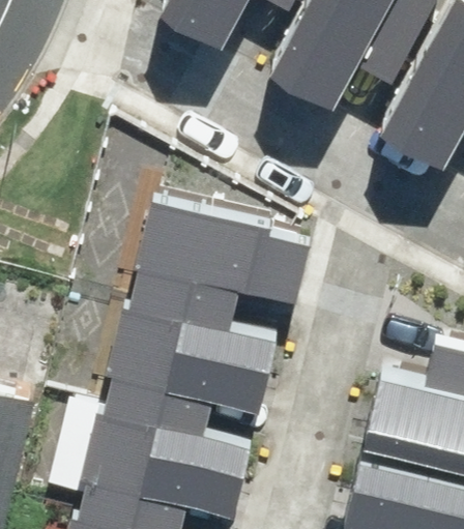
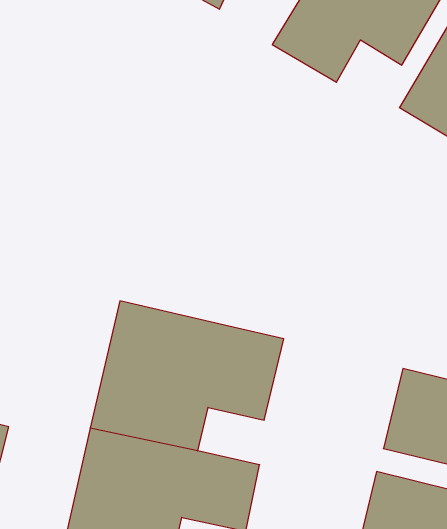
building: [133,190,310,312] -> none

